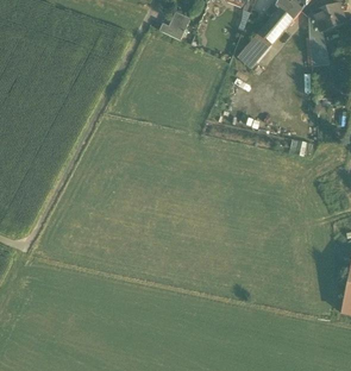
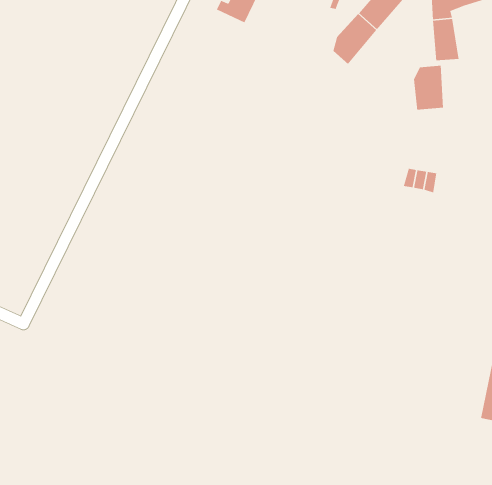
building: none -> [413,65,444,111]

